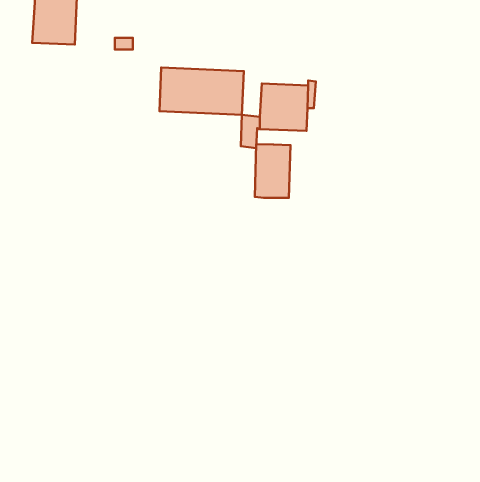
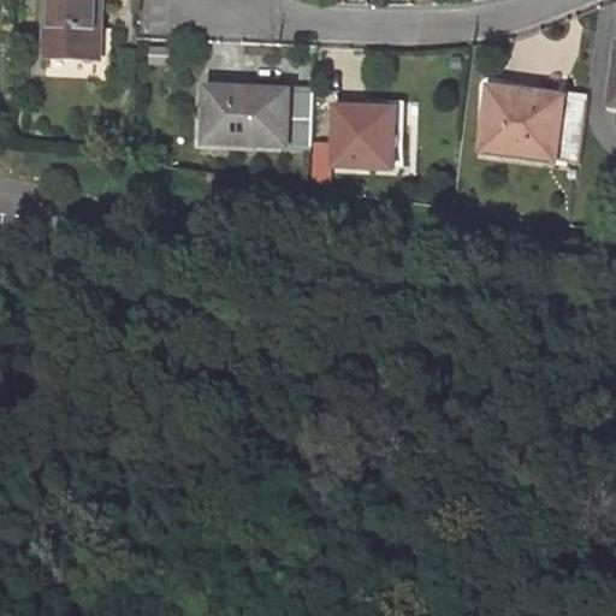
building: none -> [479,87,581,161]
building: [255,144,291,198] -> none

